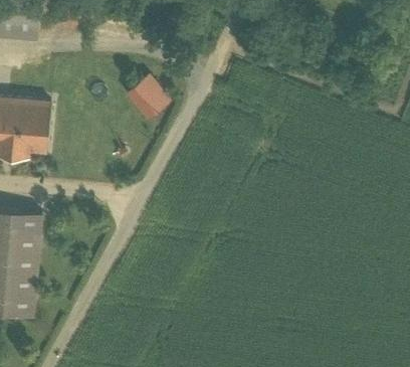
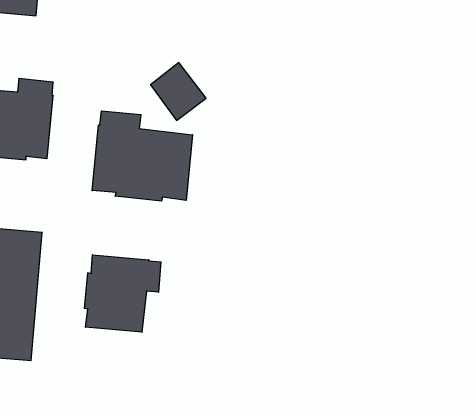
building: none -> [92,111,193,201]
building: none -> [85,255,161,332]

